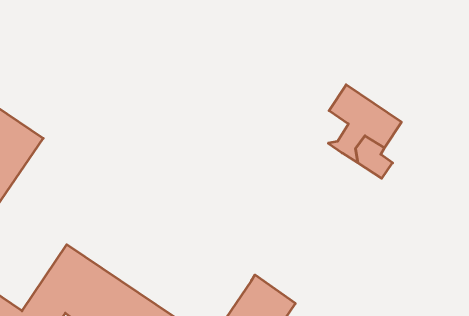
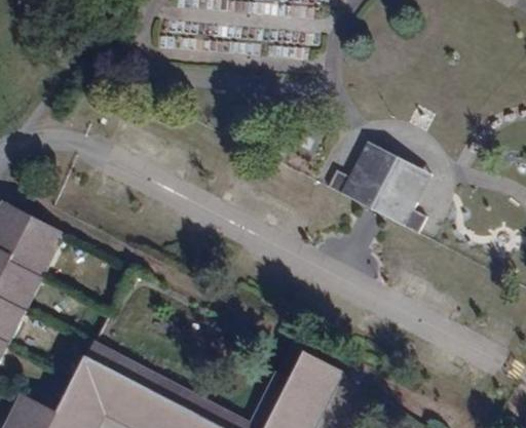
building: none -> [328,172,375,206]

